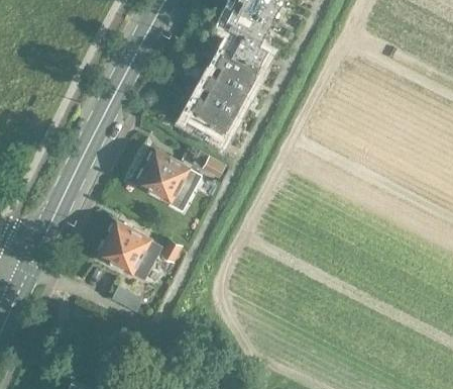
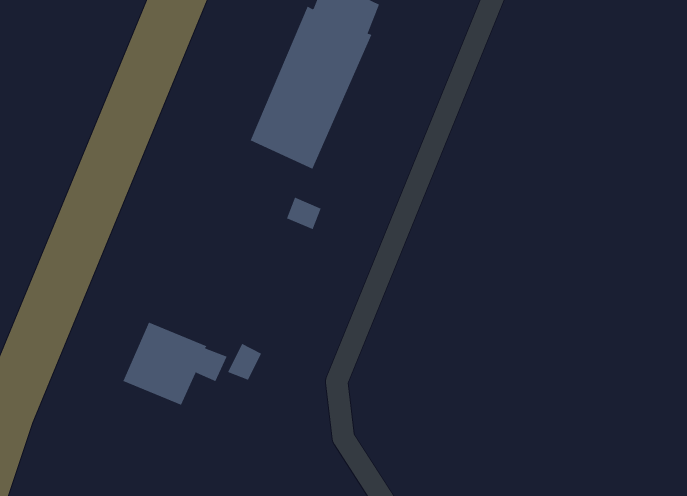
building: [136,151,200,202] -> none

